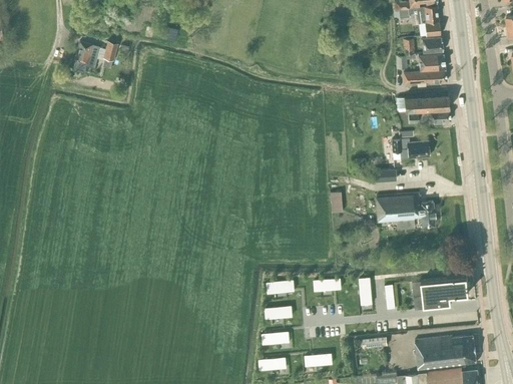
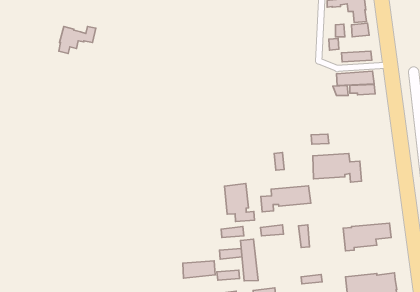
building: [418,54,445,70] -> none
building: [391,138,429,158] -> none
building: none -> [225,184,255,222]
building: none -> [261,186,311,212]
building: none -> [241,239,258,281]
building: none -> [183,261,215,278]

